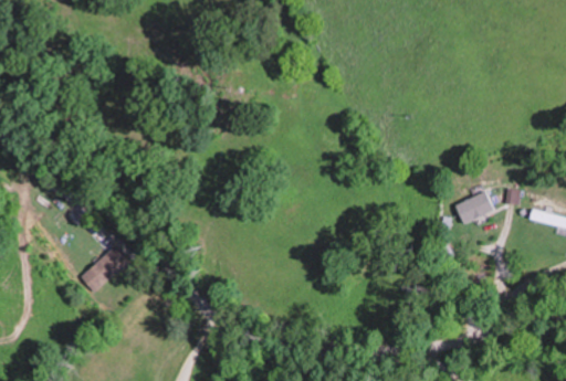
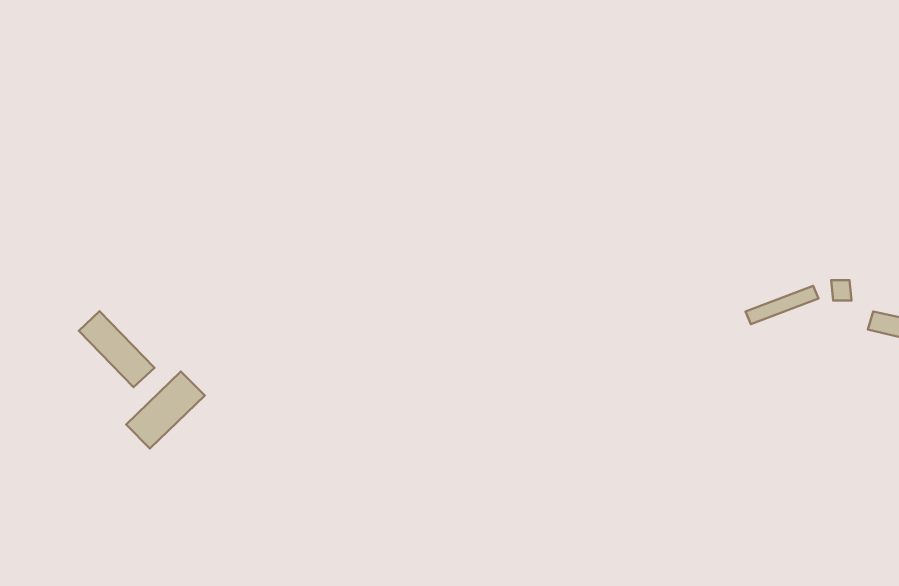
building: none -> [79,311,154,387]

